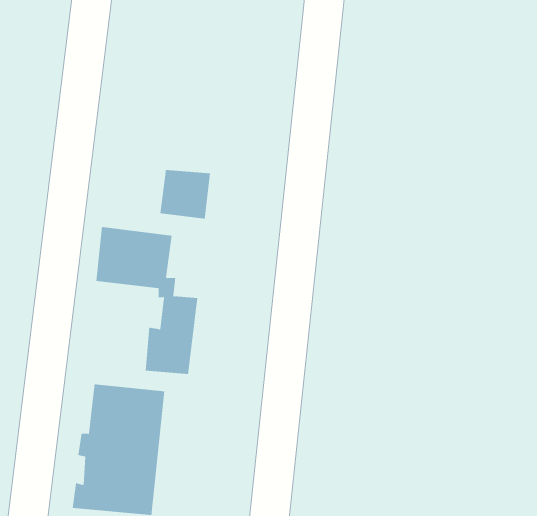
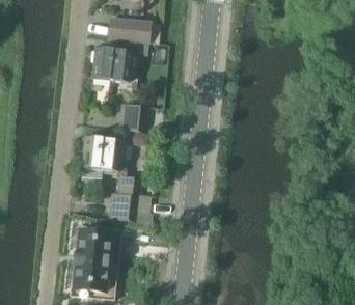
building: none -> [109,18,153,40]
building: none -> [94,47,139,88]

